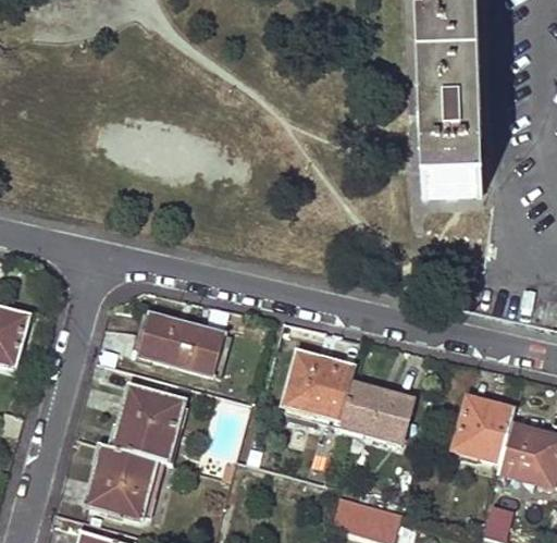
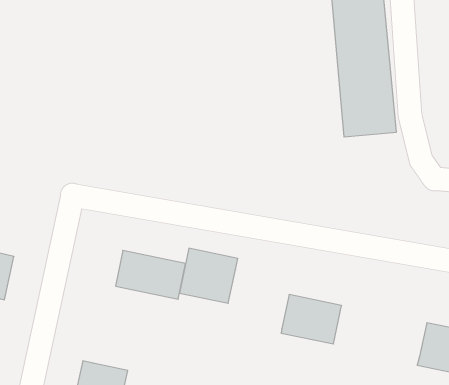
building: [281,351,351,419] -> [180,248,238,303]
building: [113,388,181,461] -> none
building: [450,397,511,461] -> none

